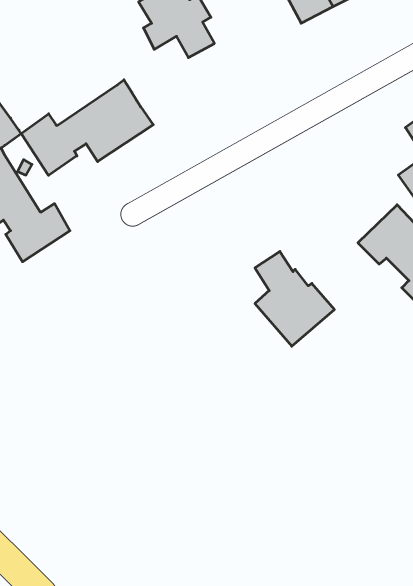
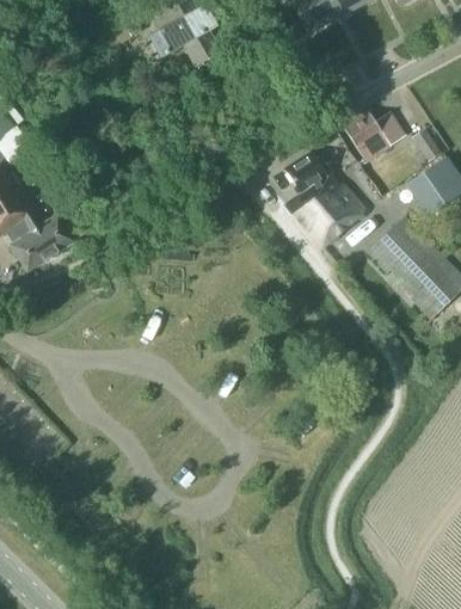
building: [21,80,153,175] -> none
building: none -> [344,111,405,161]
building: [255,251,334,346] -> [284,150,364,246]

